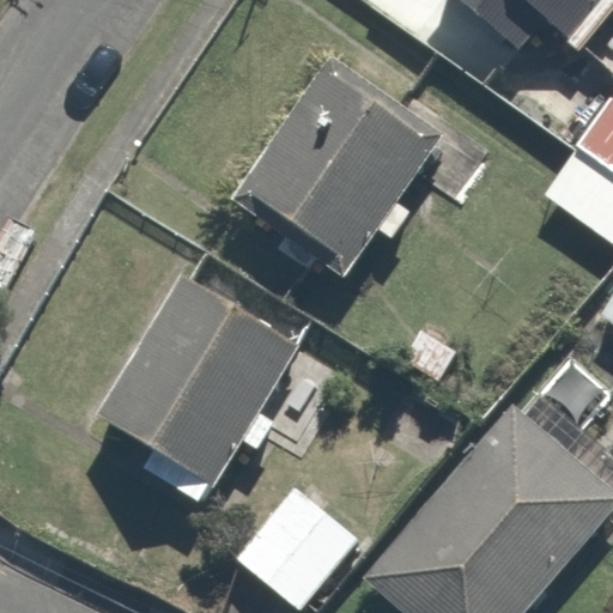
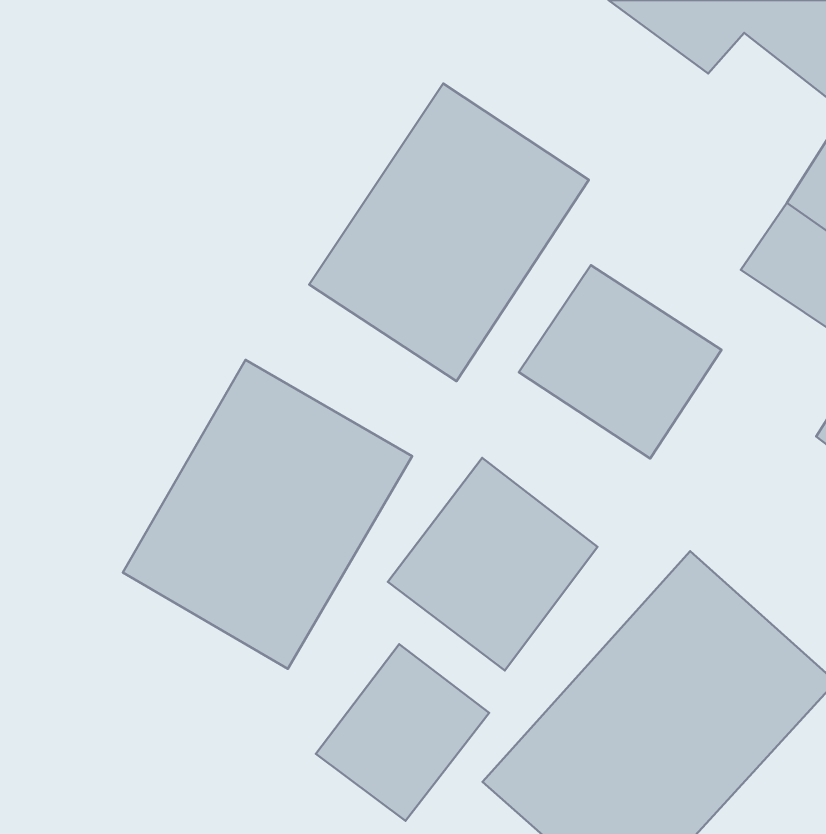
building: none -> [519,265,721,458]
building: none -> [388,458,597,671]

